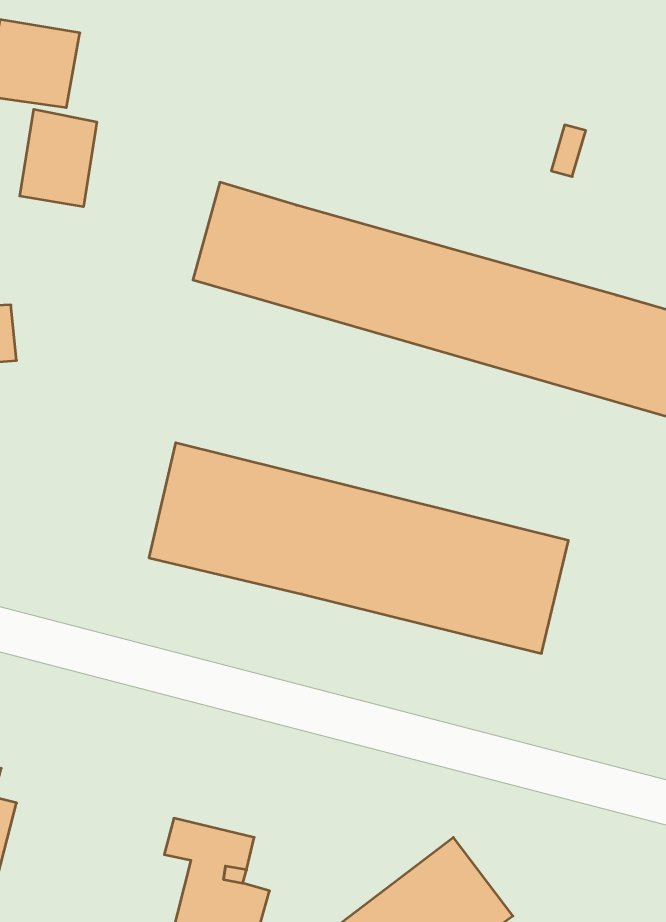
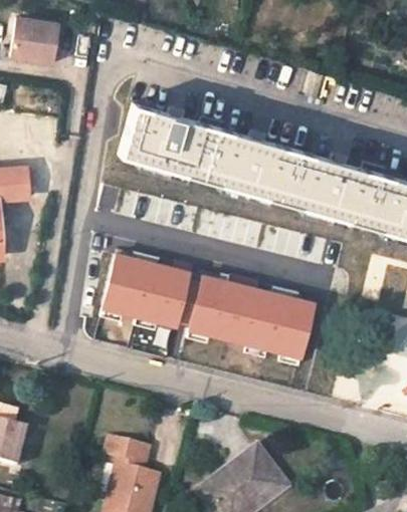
building: [20,109,97,207] -> none

